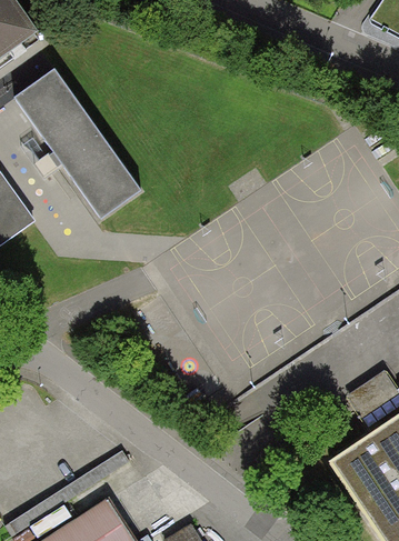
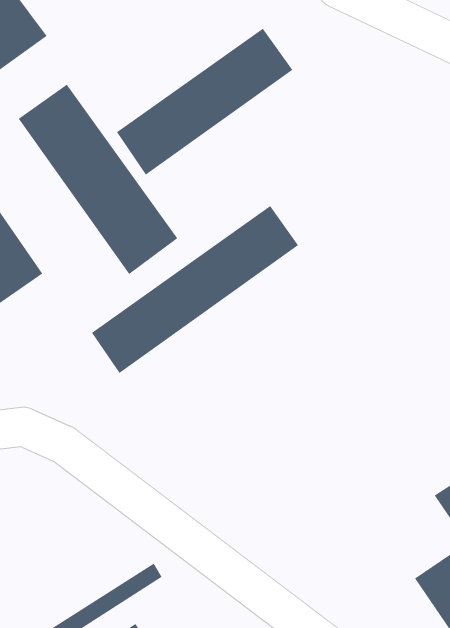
building: none -> [116,28,293,176]
building: none -> [91,205,299,374]

